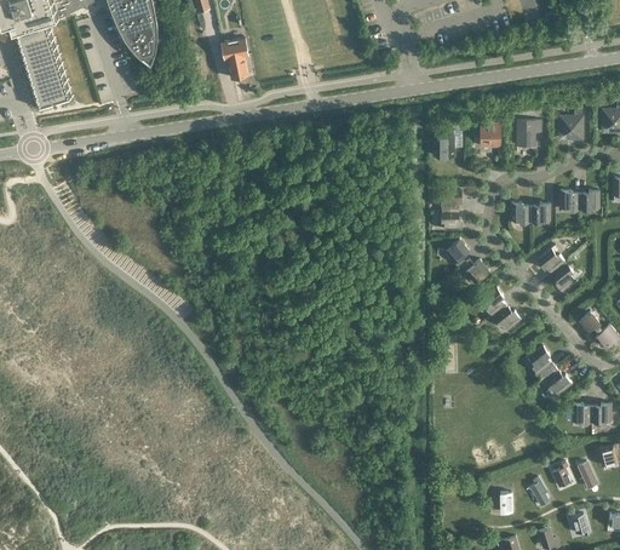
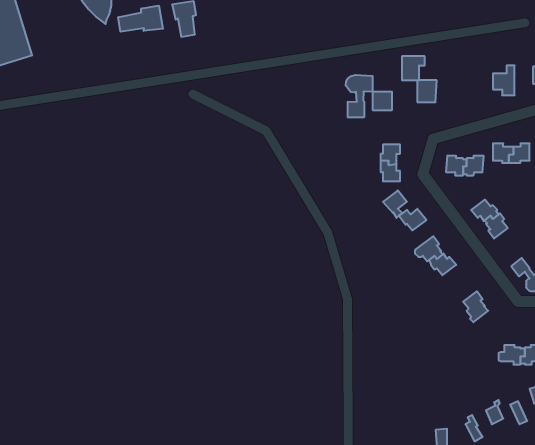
building: none -> [118,6,163,32]
building: none -> [346,75,373,117]
building: [516,120,540,145] -> [402,56,425,80]
building: [539,367,572,400] -> none

